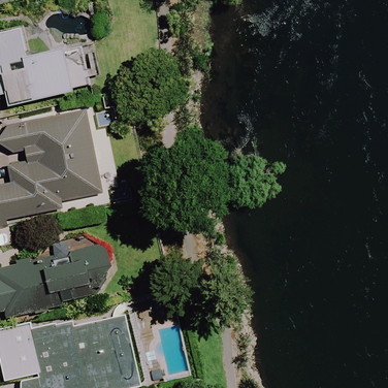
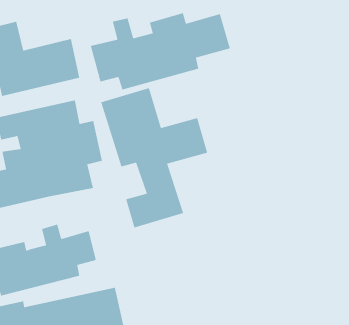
building: none -> [90,12,231,90]
building: none -> [100,87,208,228]

